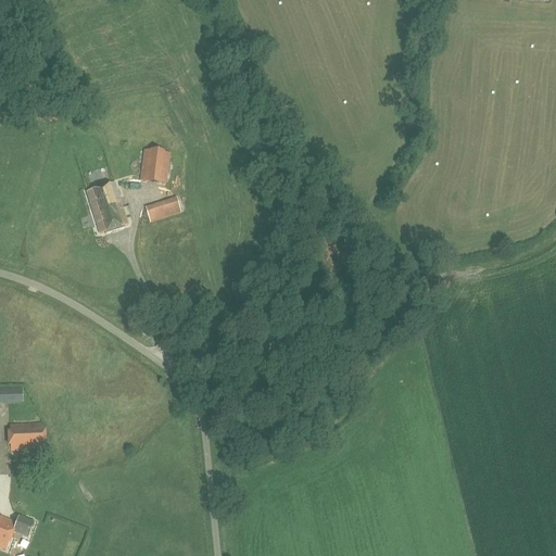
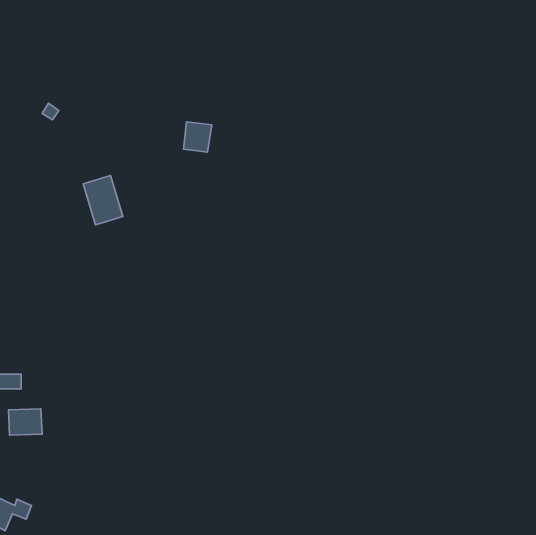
building: [140,150,169,181] -> [183,122,212,152]
building: [144,195,180,222] -> none

